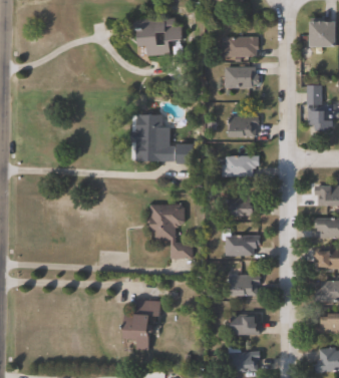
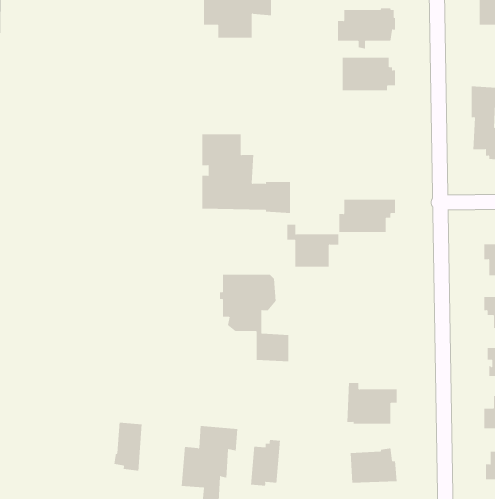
building: [228,112,258,138] -> none
building: [227,191,260,218] -> [287,224,339,267]
building: [226,236,259,257] -> none
building: none -> [114,422,142,471]
building: none -> [251,439,280,486]

